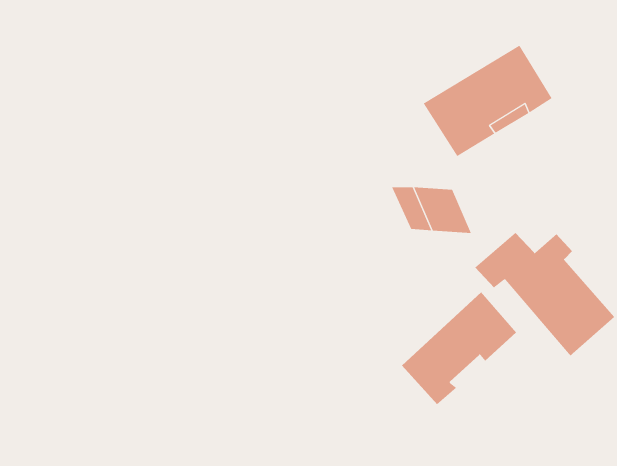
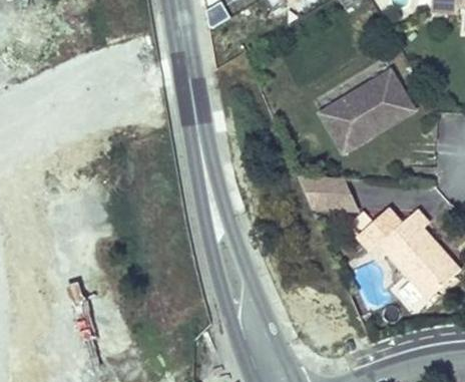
building: [401,292,517,405] -> none

